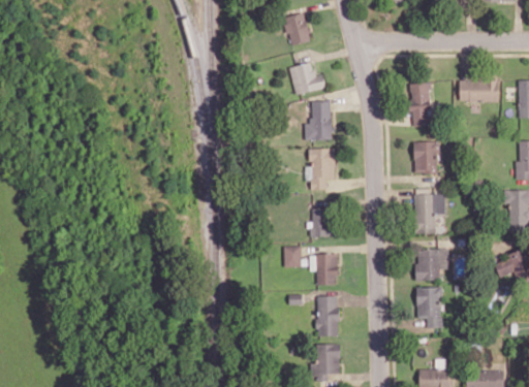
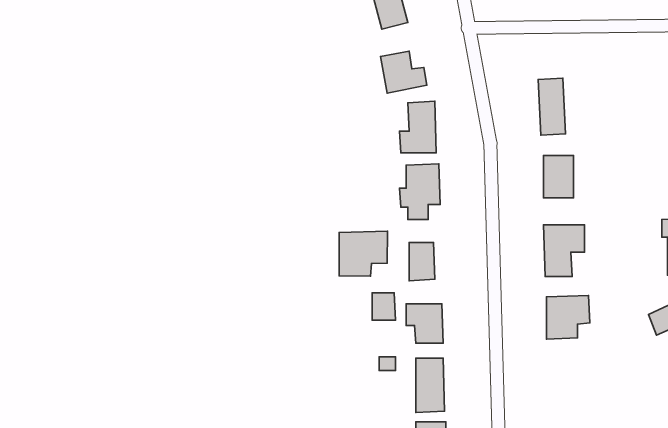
building: [460,79,499,101] -> none
building: none -> [339,231,388,276]
building: [416,287,442,328] -> none

